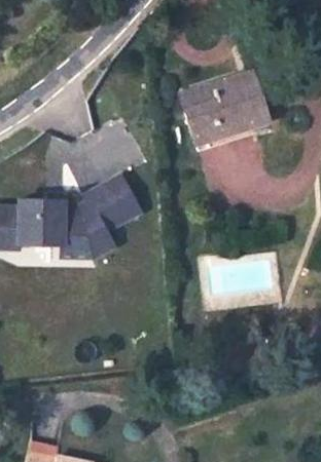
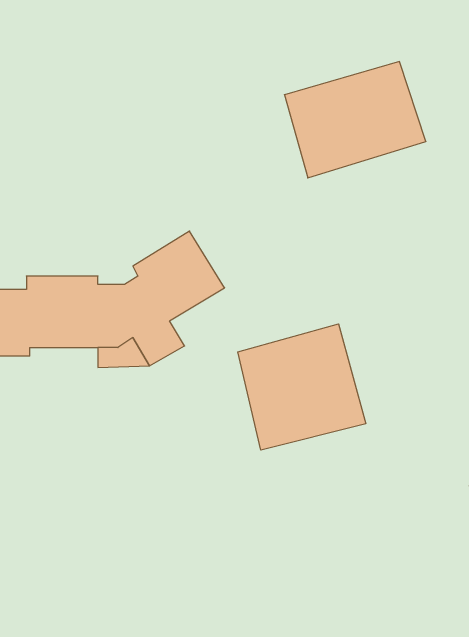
building: none -> [238,324,366,450]

